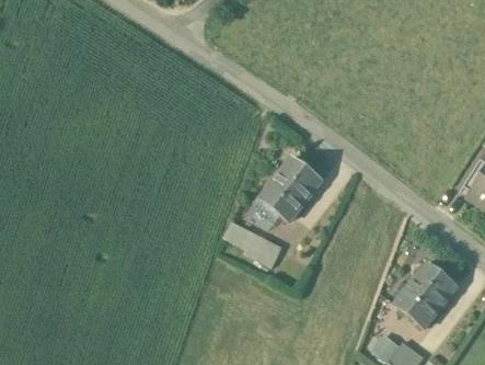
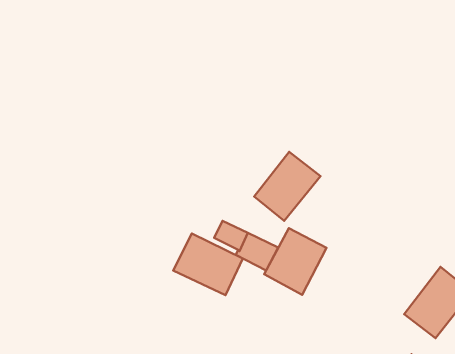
building: none -> [264,228,326,295]
building: none -> [173,233,243,295]

